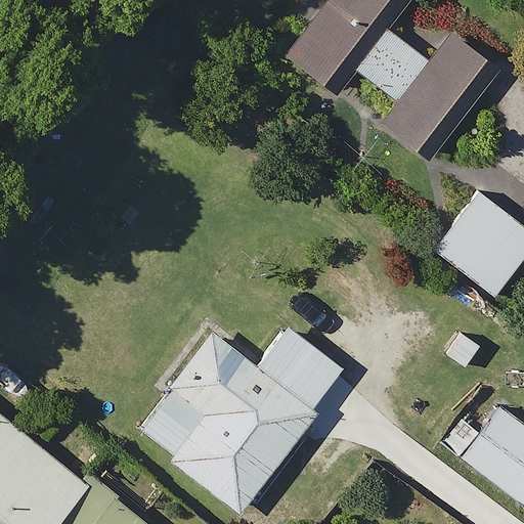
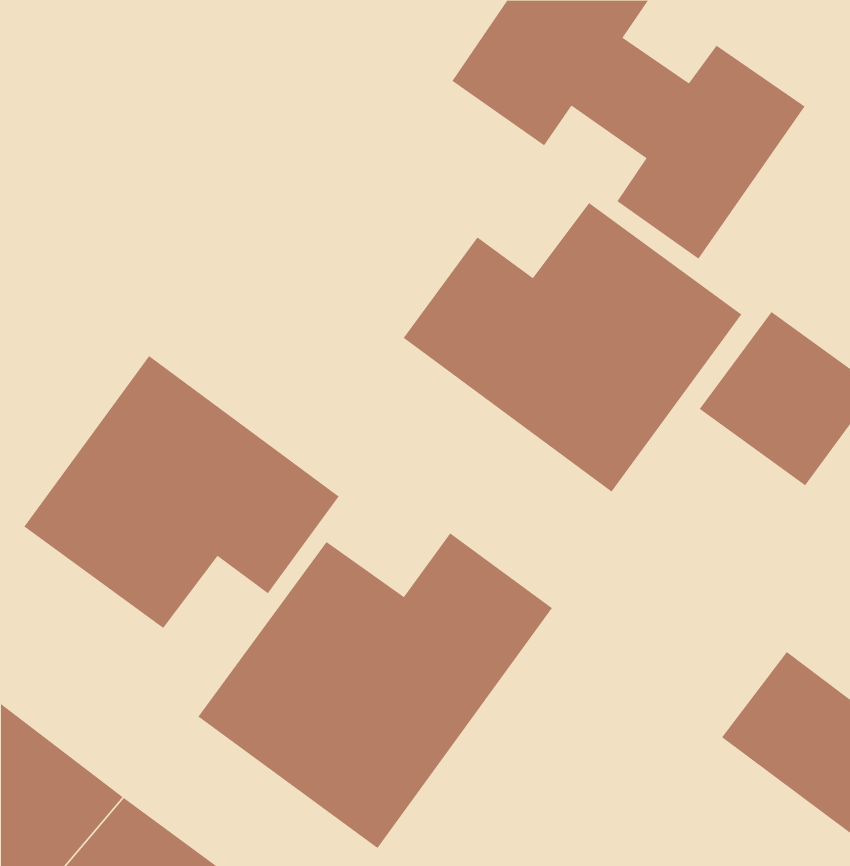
building: none -> [403,202,742,492]
building: none -> [23,355,340,629]

